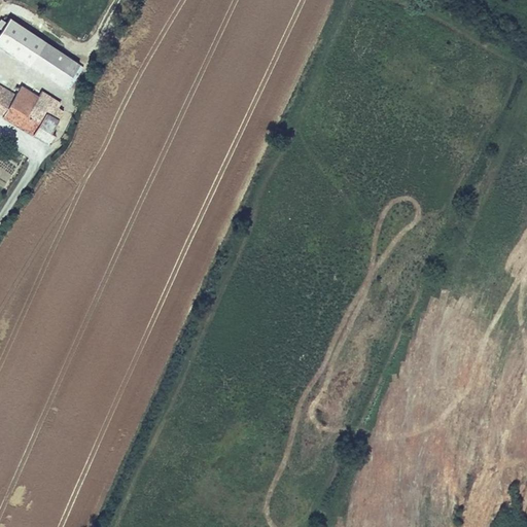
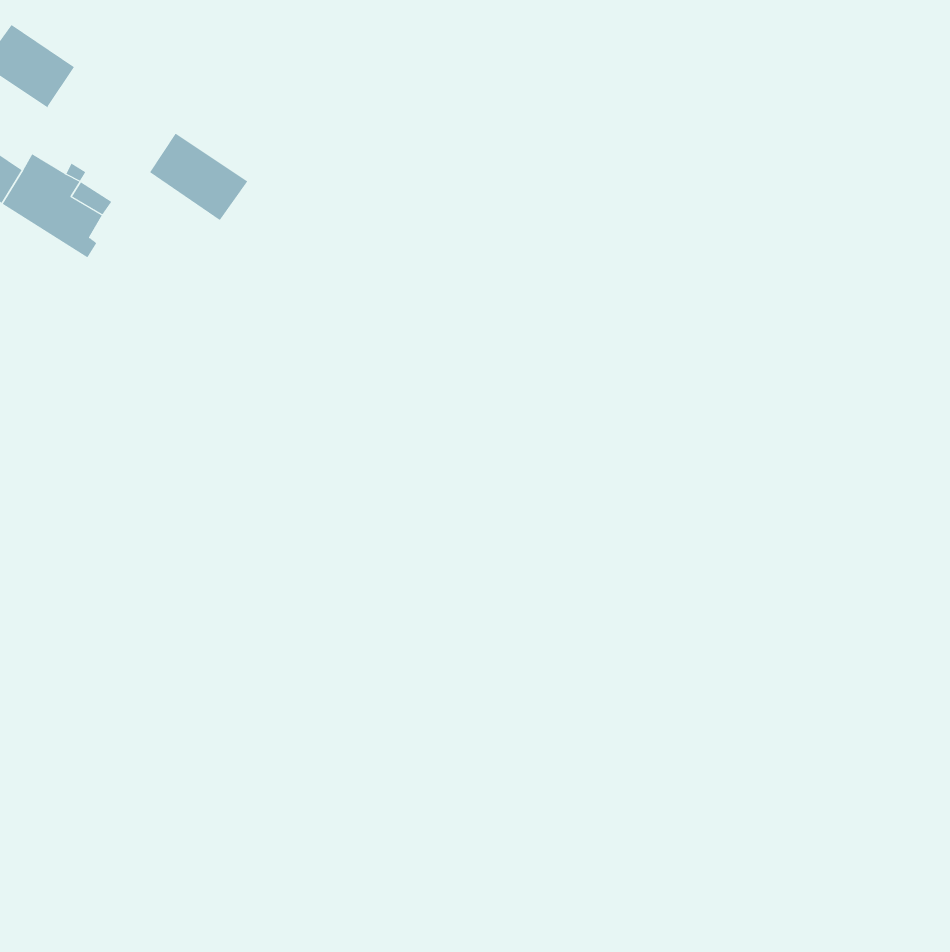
building: [27,39,81,87] -> [149,133,248,221]

